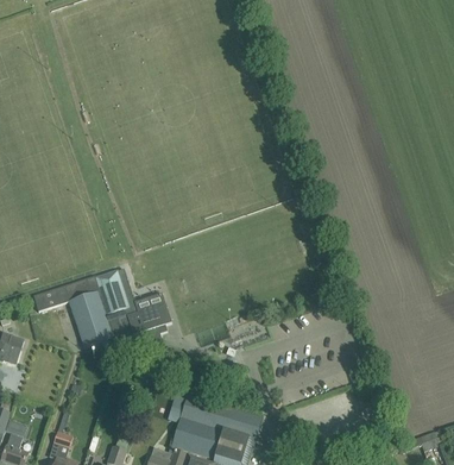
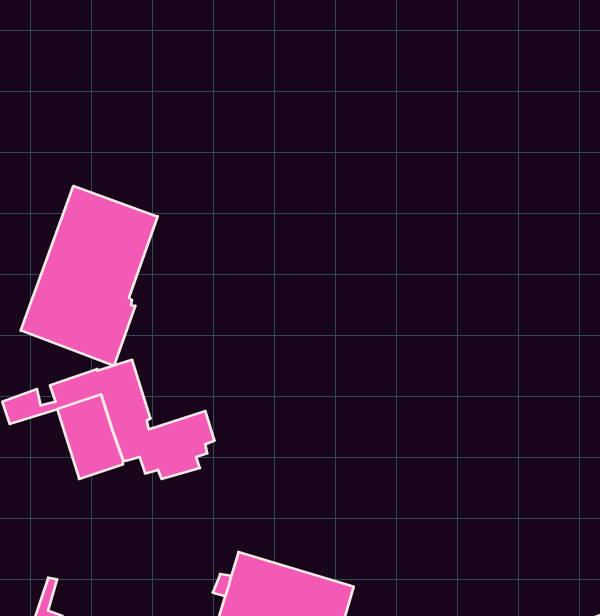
building: none -> [21,186,158,366]

